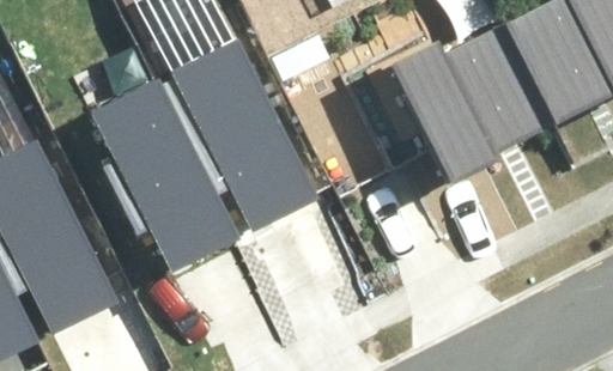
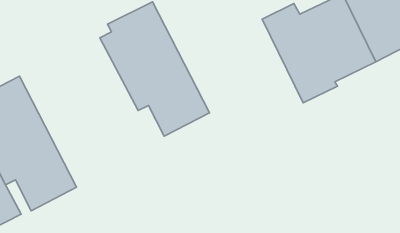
building: [85,77,233,267] -> none

